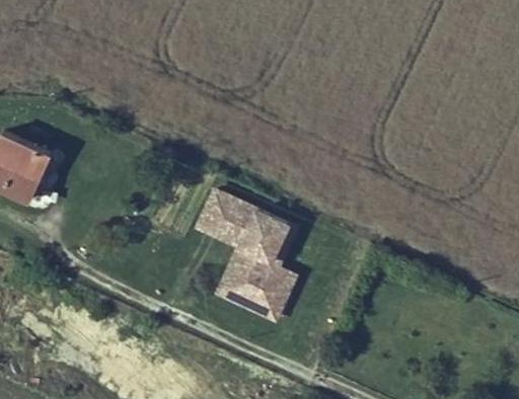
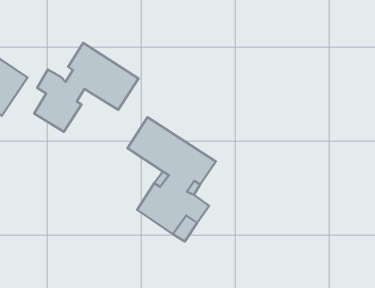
building: none -> [34,43,138,132]

